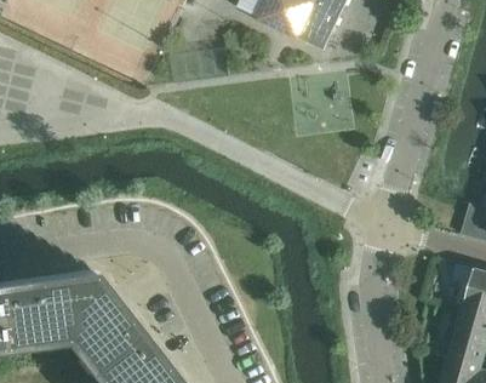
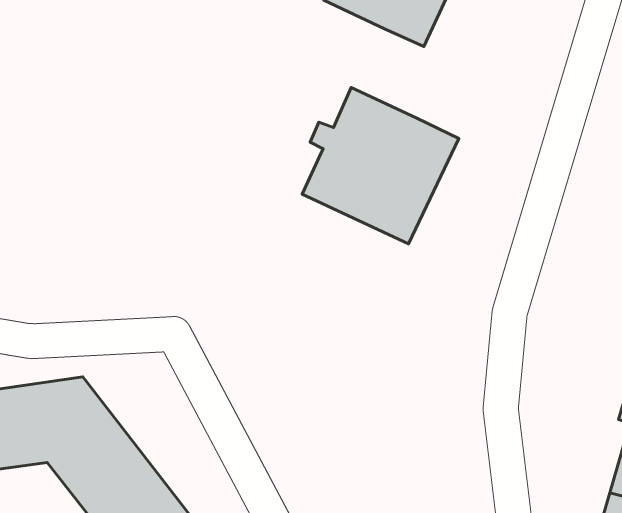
building: none -> [302,87,459,244]

